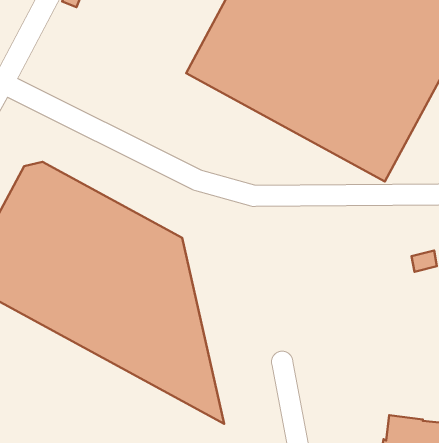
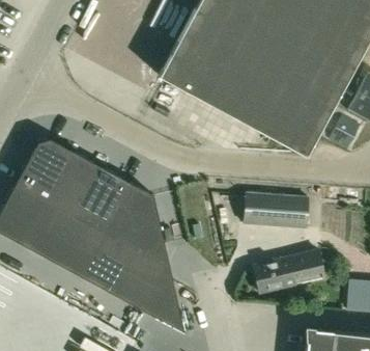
building: none -> [244,192,309,227]
building: none -> [253,250,320,294]

